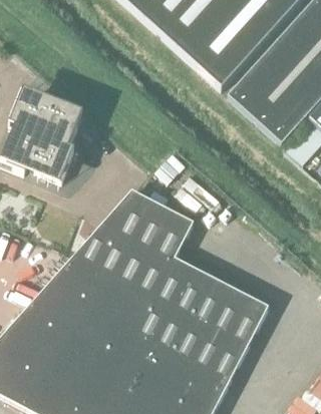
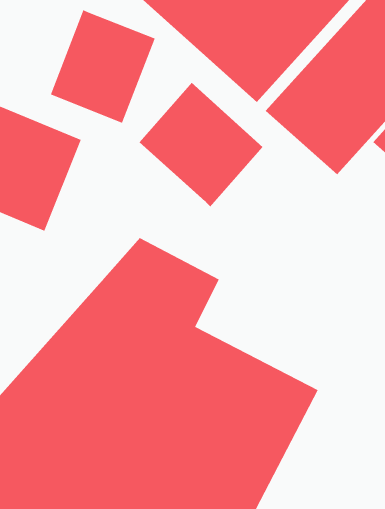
building: none -> [50,9,156,124]
building: none -> [138,82,264,207]

